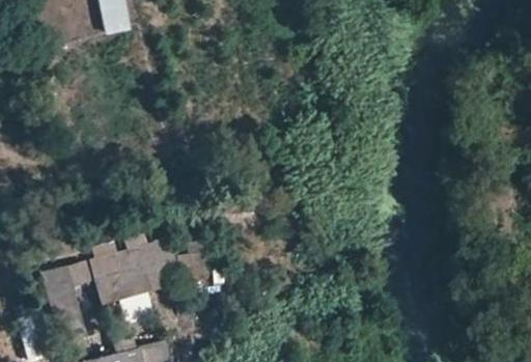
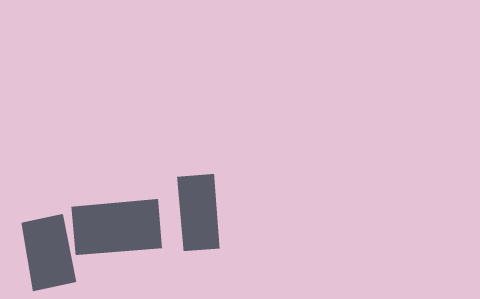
building: none -> [176,173,220,252]

